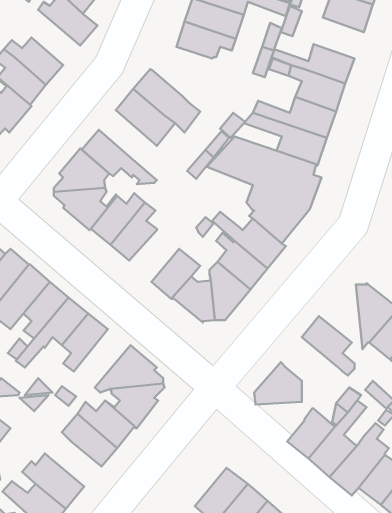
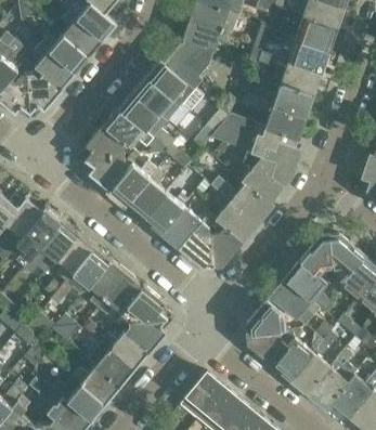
building: none -> [60,11,103,56]
building: none -> [295,17,336,51]
building: none -> [164,41,211,88]
building: none -> [118,93,182,159]
building: none -> [143,192,184,234]
building: none -> [299,236,335,290]
building: none -> [98,273,144,315]
building: none -> [269,279,319,320]
building: none -> [247,331,301,365]
building: none -> [74,365,120,402]
building: none -> [180,373,223,419]

